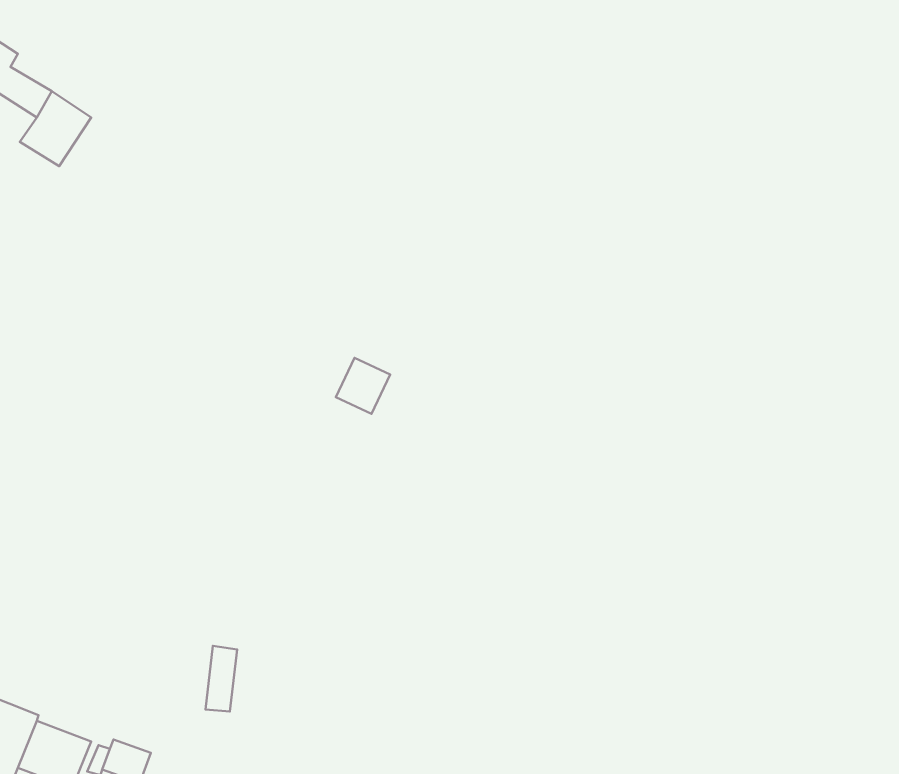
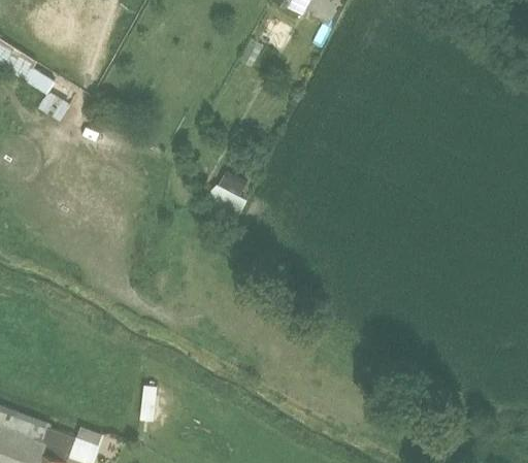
building: [336,358,390,414] -> [216,173,245,204]

